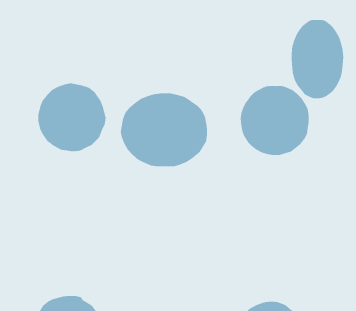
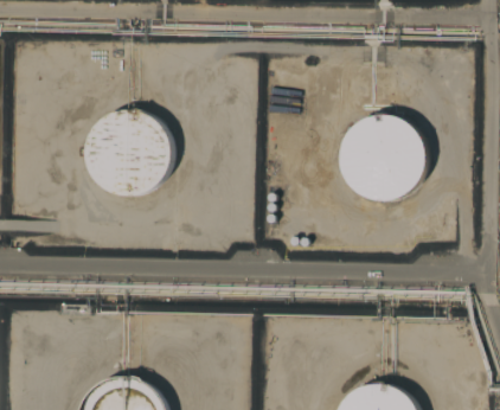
building: [291,19,344,99] -> none
building: [120,92,208,167] -> none

